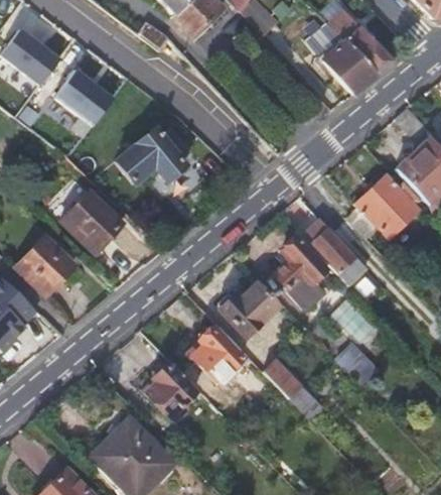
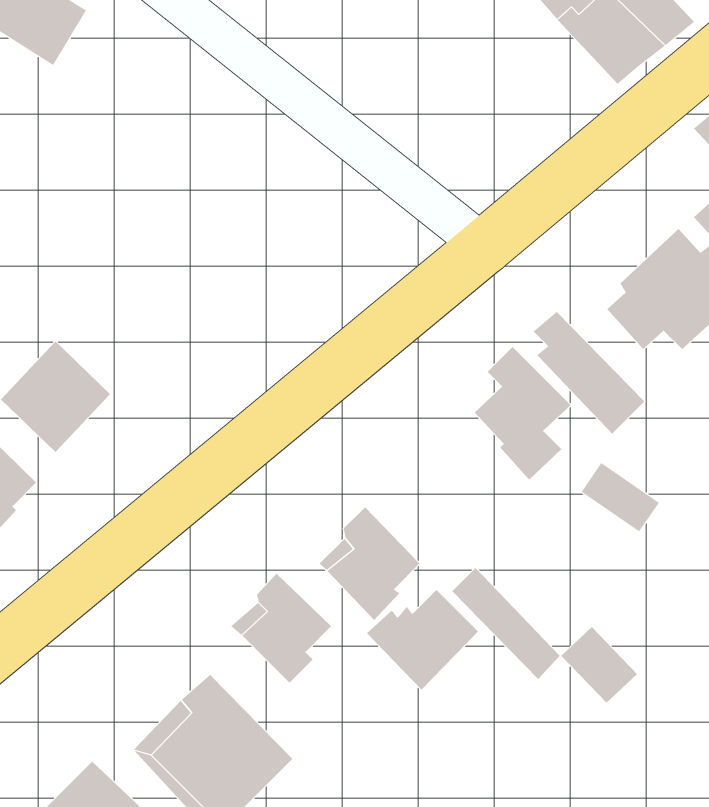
building: [55,70,114,126] -> none
building: [116,127,187,183] -> none
building: [60,189,123,252] -> none
building: [218,283,280,339] -> [366,589,479,690]
building: [336,343,379,385] -> [560,626,638,704]

